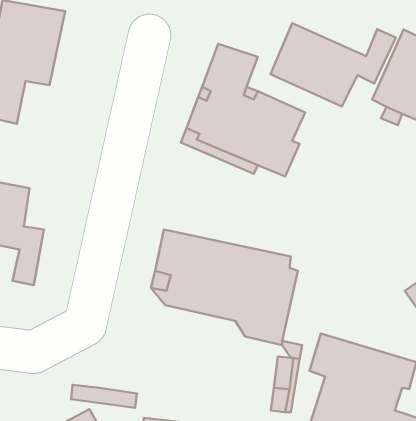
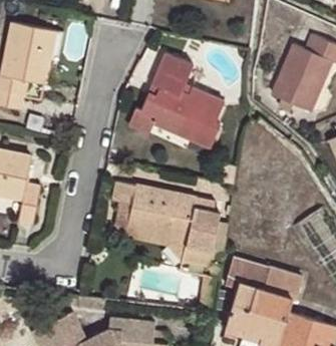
building: [270,23,396,106] -> none

